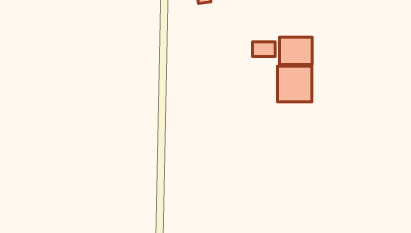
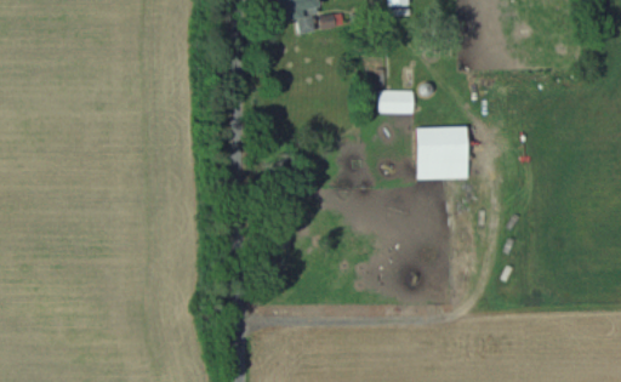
building: [279,37,312,65] -> none

